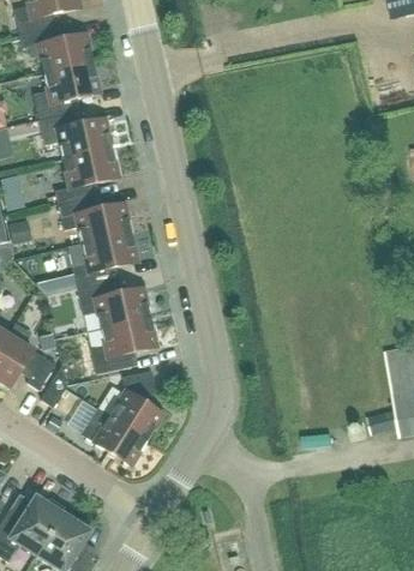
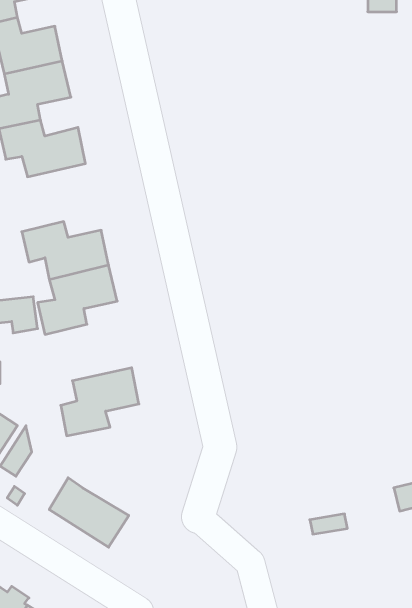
building: [54,146,118,203] -> none
building: [77,280,149,326] -> none
building: [108,369,162,438] -> none

